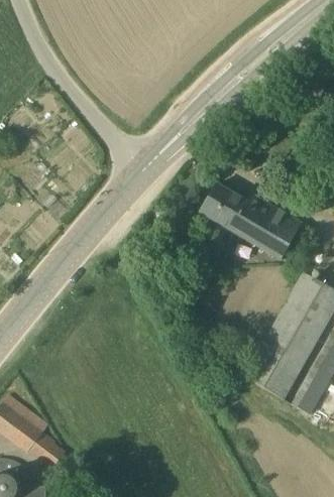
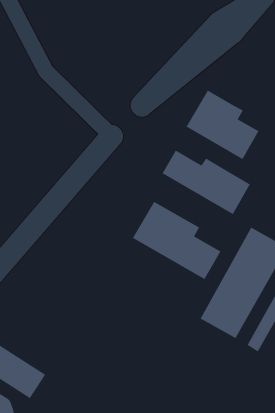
building: none -> [186,90,259,160]
building: none -> [132,201,221,280]

